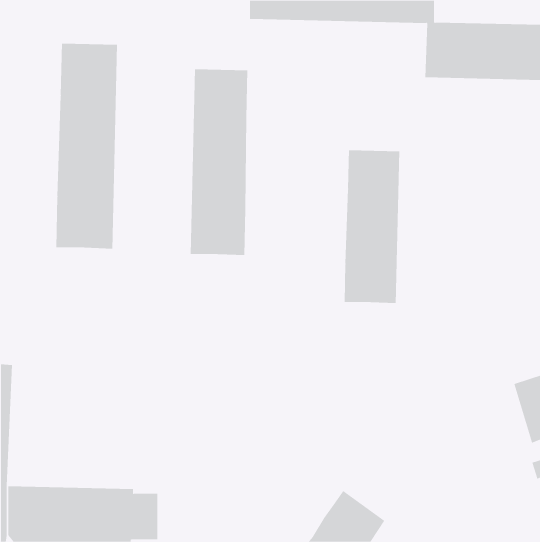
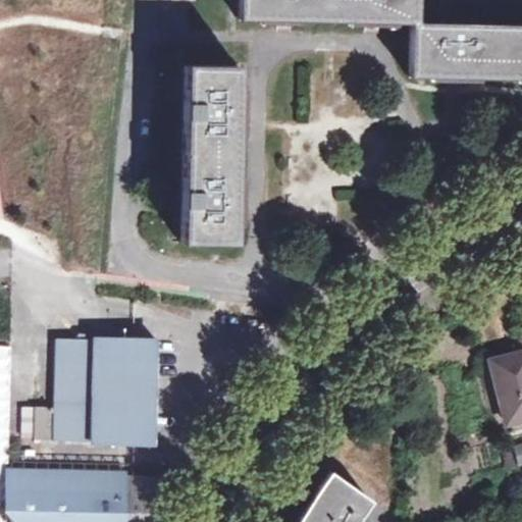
building: [56,43,117,250] -> none
building: [344,150,400,304] -> none
building: none -> [39,338,158,446]

